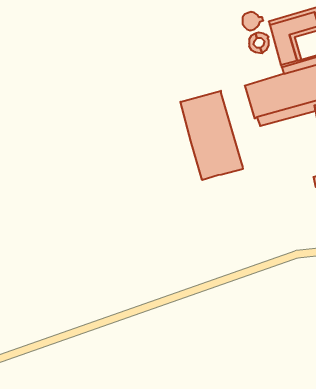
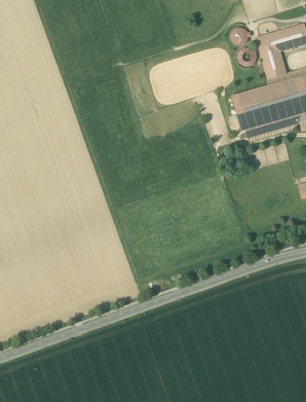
building: [180,91,243,180] -> none

